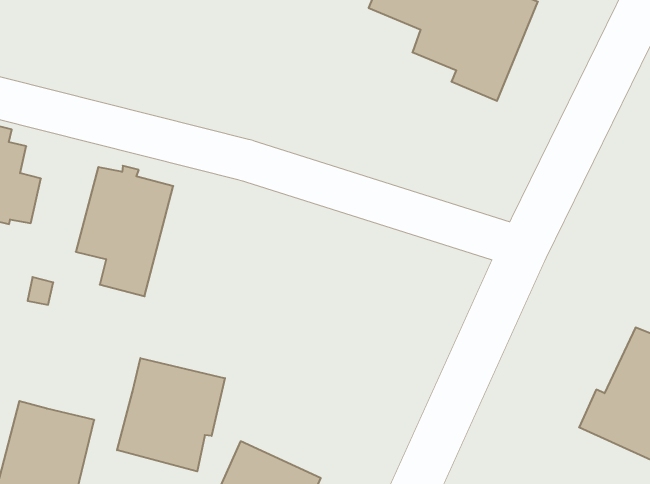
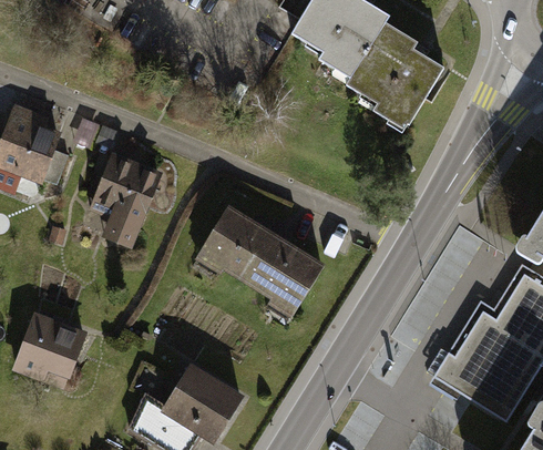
building: none -> [194,202,325,316]
building: [117,358,225,471] -> none

